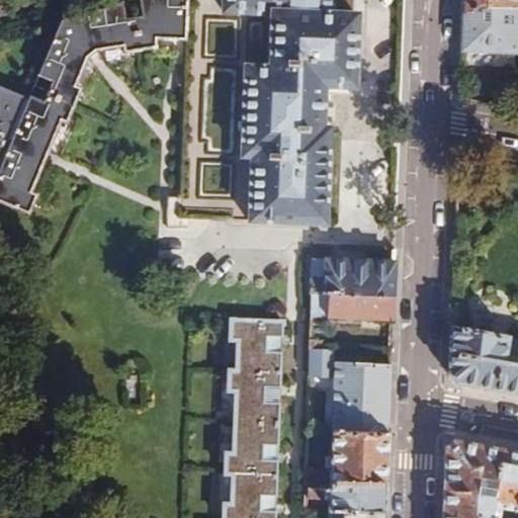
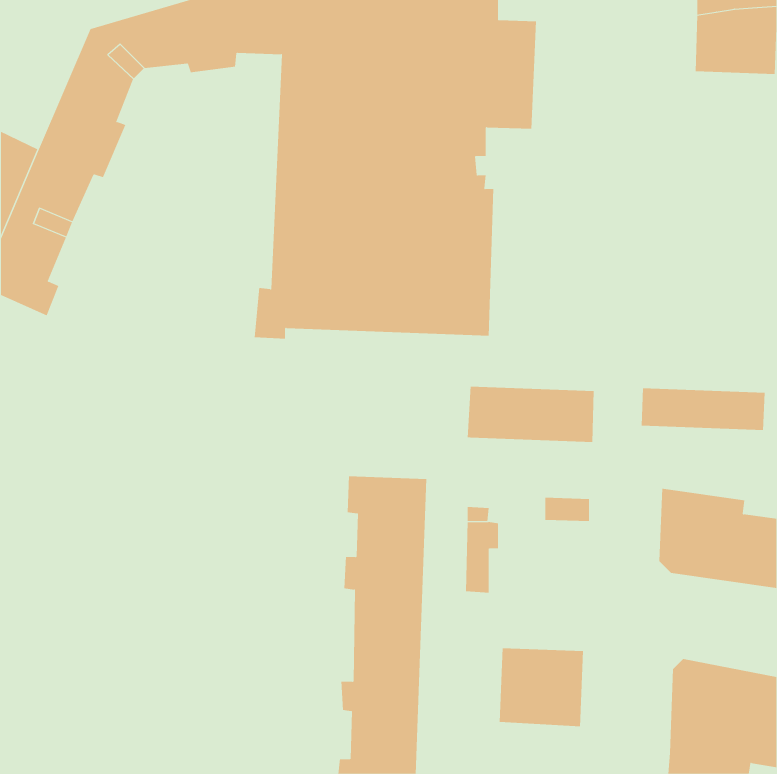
building: [312,291,395,320] -> [641,388,765,430]
building: [334,361,392,433] -> none
building: [307,481,386,511] -> none

